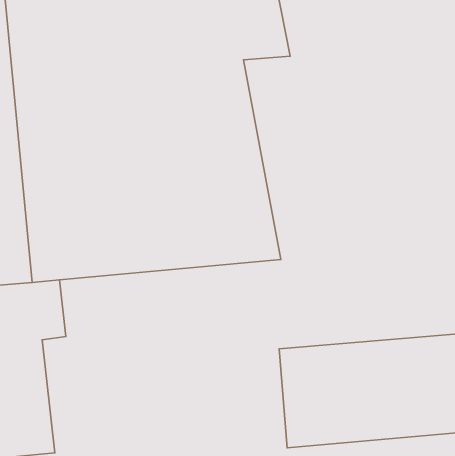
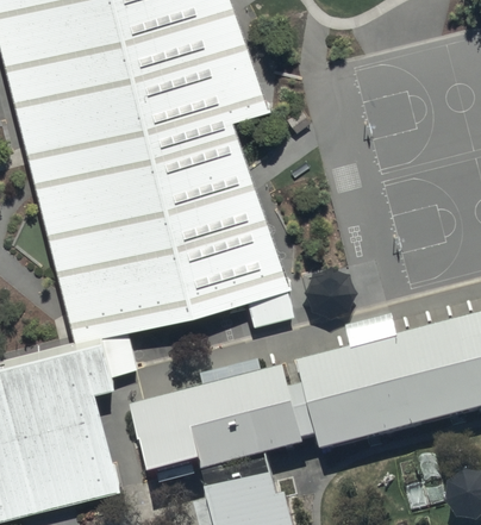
building: none -> [127,364,306,473]

